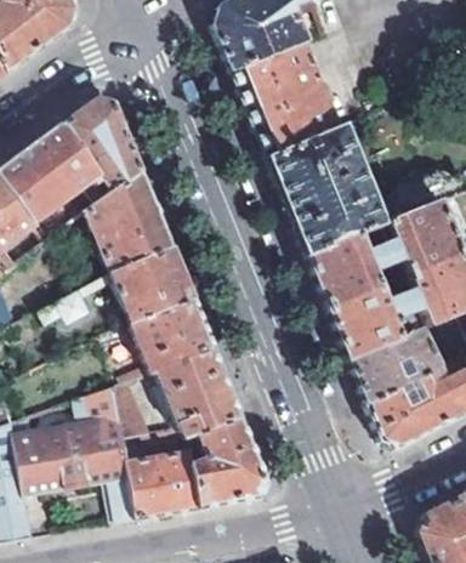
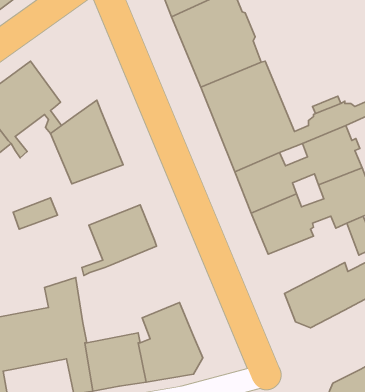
building: [62,97,142,188] -> none
building: [112,246,194,319] -> none
building: [348,324,441,402] -> none
building: [158,345,241,434] -> none
building: [117,376,155,437] -> none

